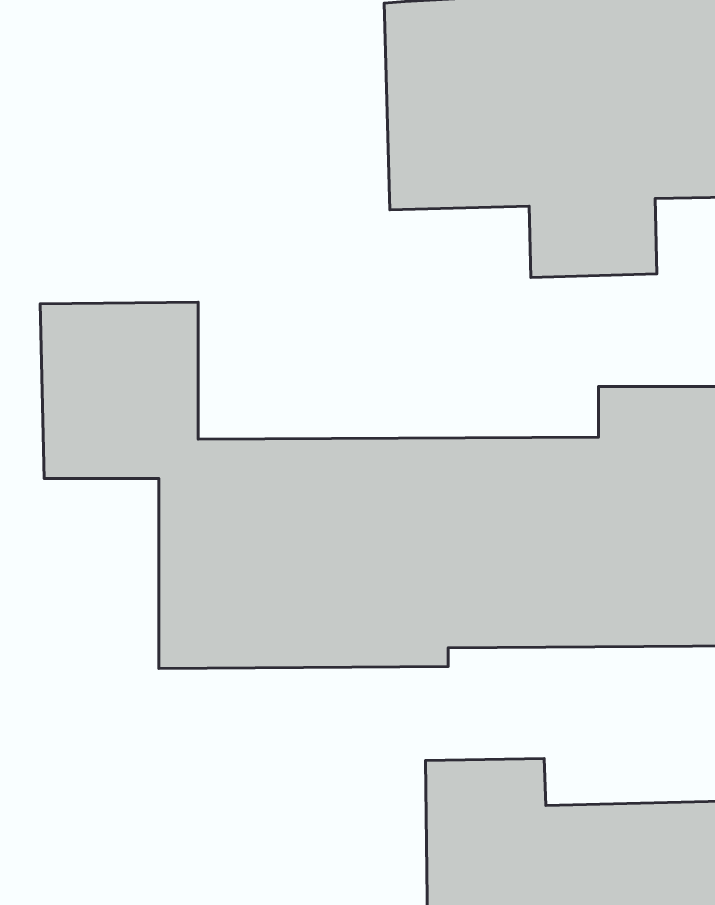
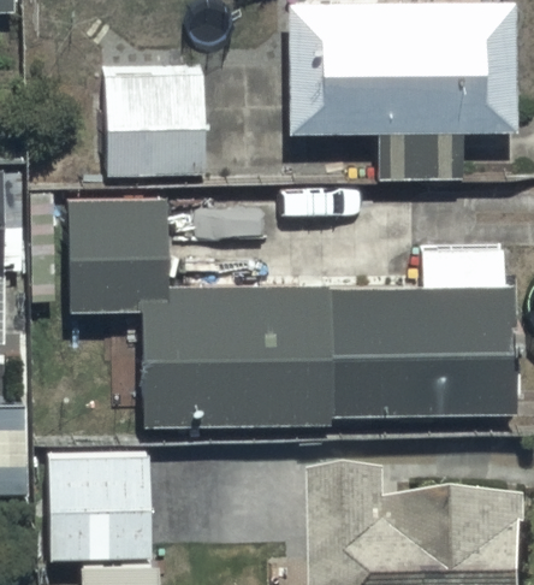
building: none -> [102,75,207,178]
building: none -> [47,454,153,563]

